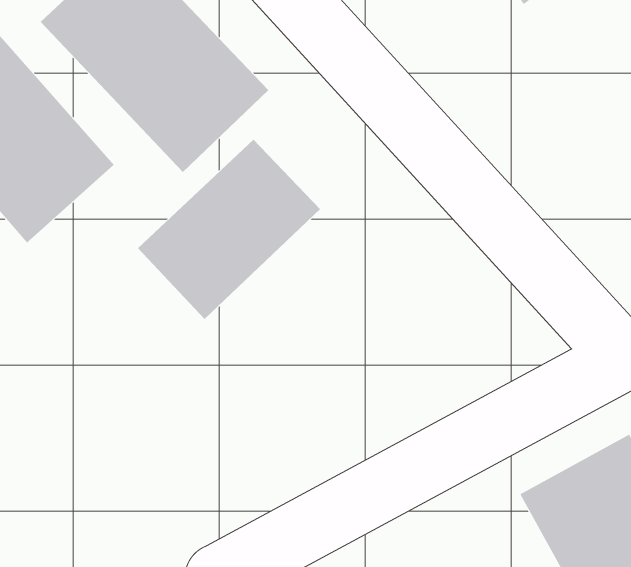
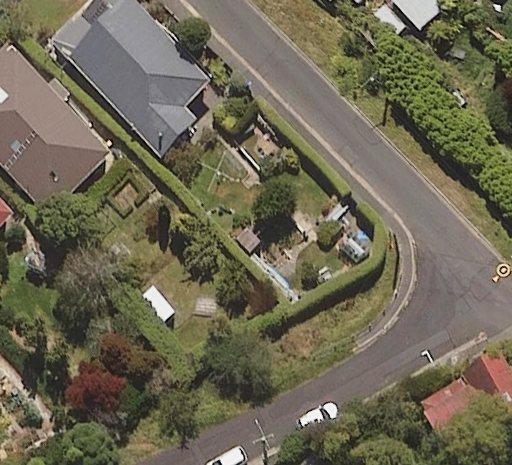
building: [137,139,321,320] -> none

